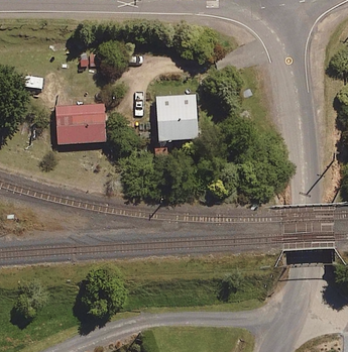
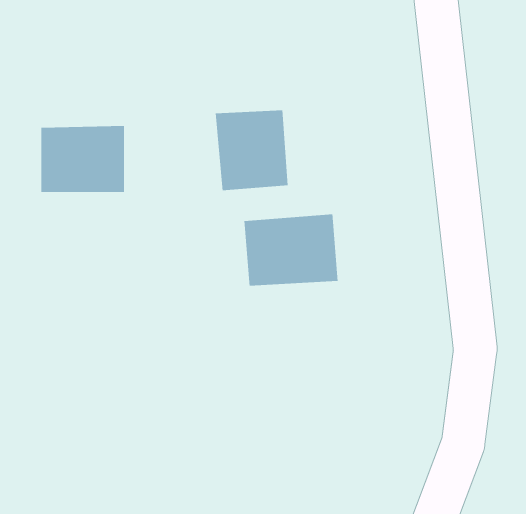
building: none -> [244,213,338,287]

